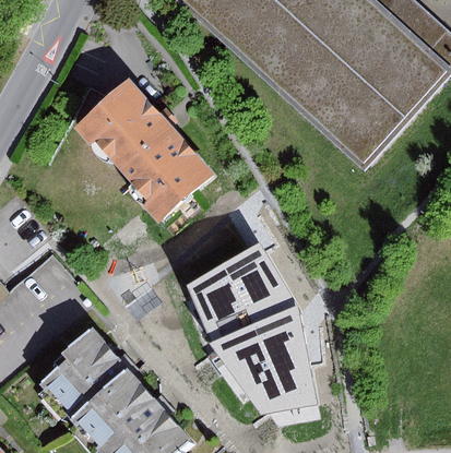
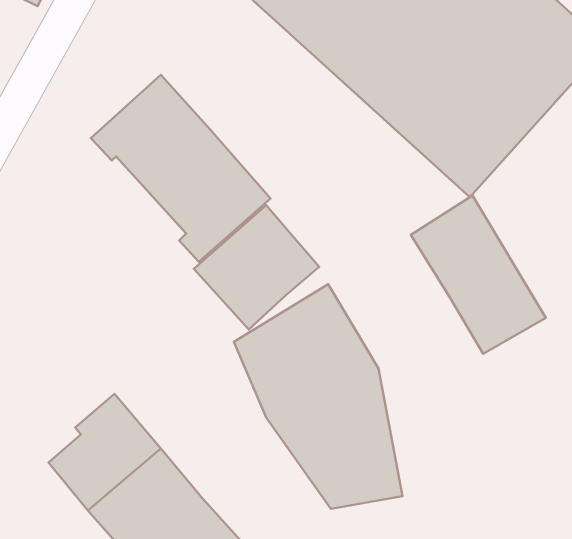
building: none -> [411,195,546,354]
building: none -> [194,205,319,330]

